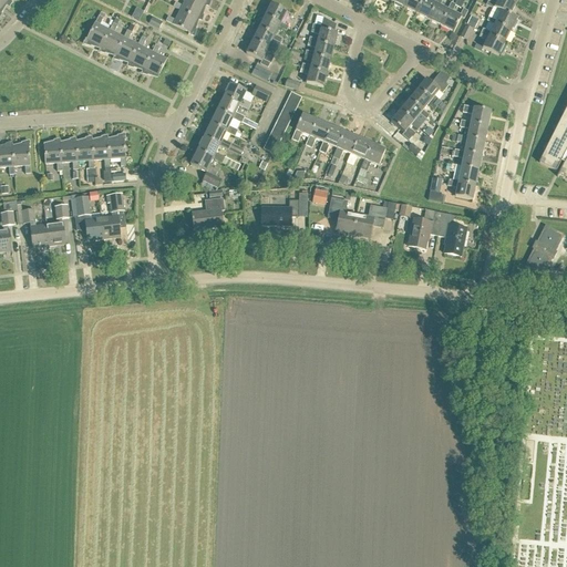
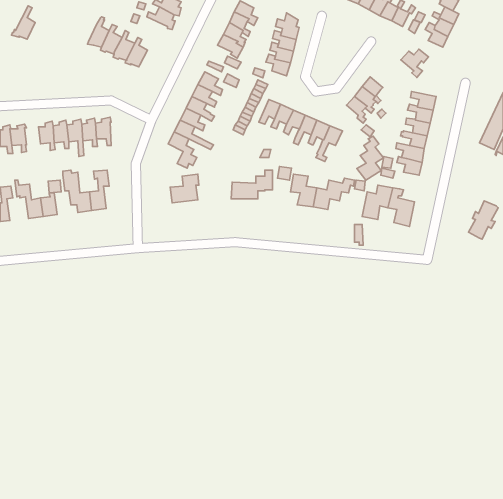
building: [82,9,109,47] -> [11,6,35,39]
building: [416,74,447,106] -> [401,49,429,78]
building: none -> [357,136,384,180]

